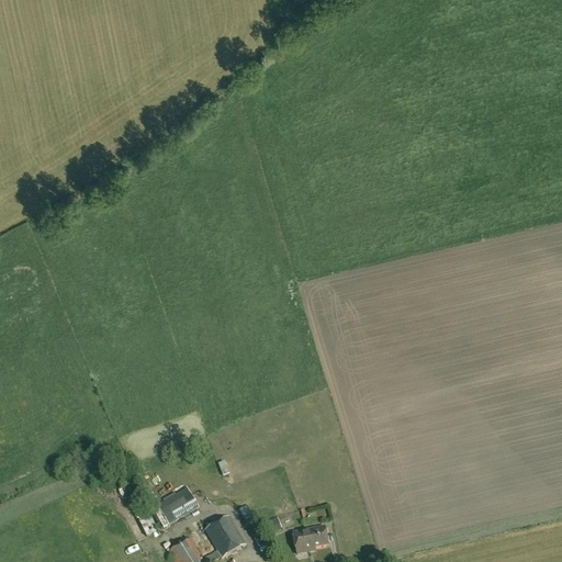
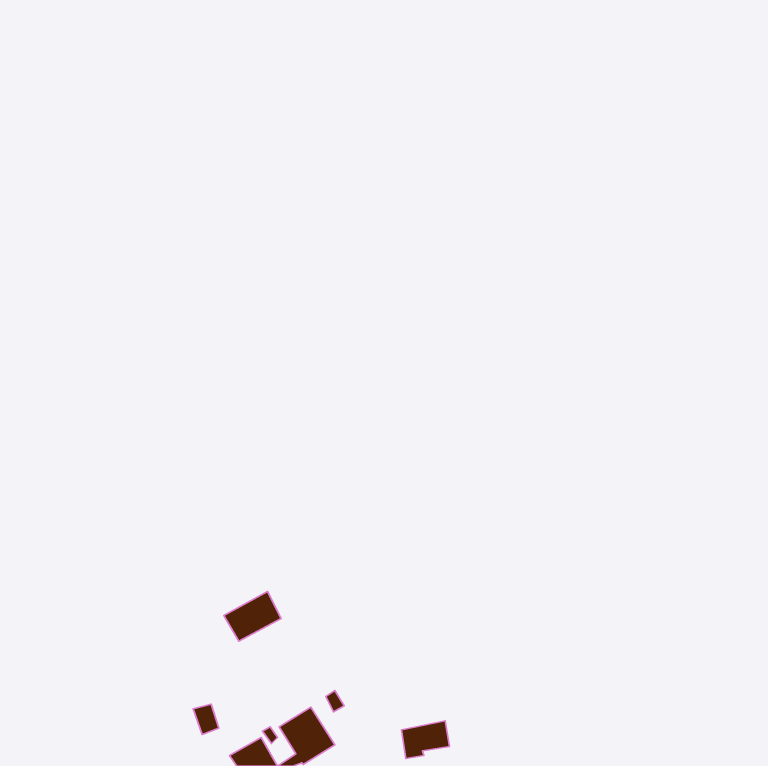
building: [158,485,200,521] -> [224,591,281,641]

